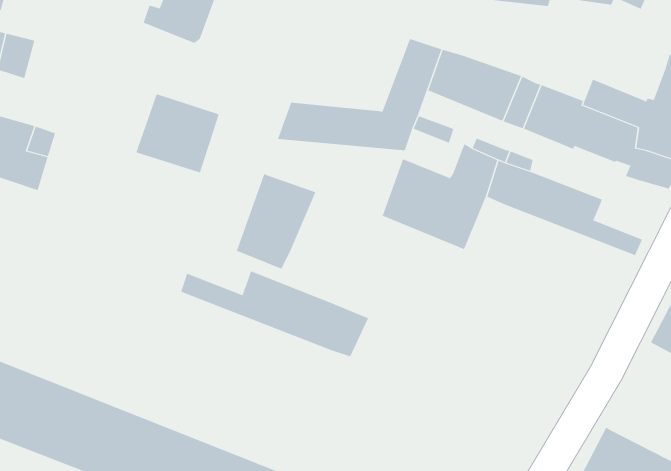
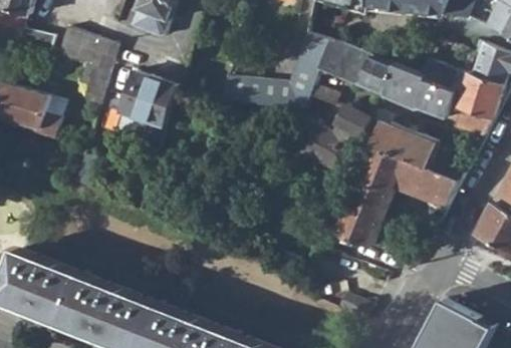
building: none -> [56,28,114,104]
building: [236,173,316,270] -> none
building: none -> [335,146,459,248]
building: [181,271,369,357] -> none

